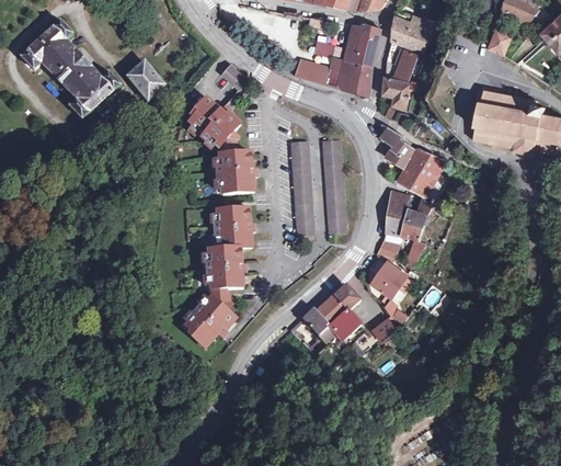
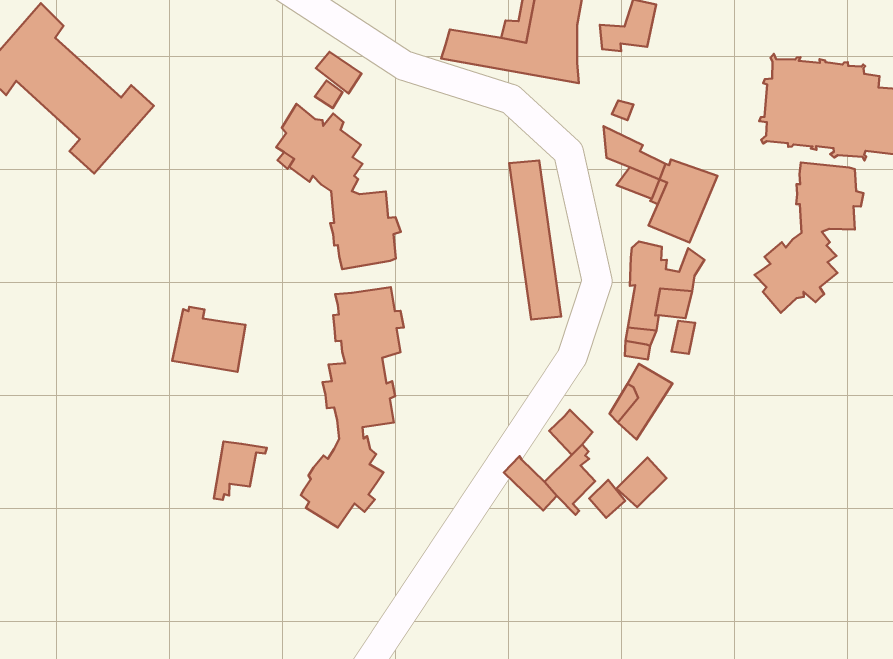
building: [126,62,162,100] -> none
building: [382,77,412,109] -> none
building: [291,139,311,232] -> none
building: none -> [754,162,864,313]
building: none -> [172,307,246,372]
building: none -> [214,442,267,500]
building: [314,296,344,326] -> none

